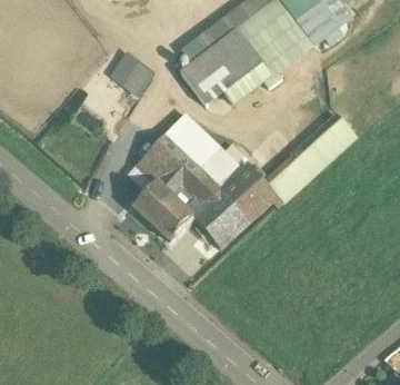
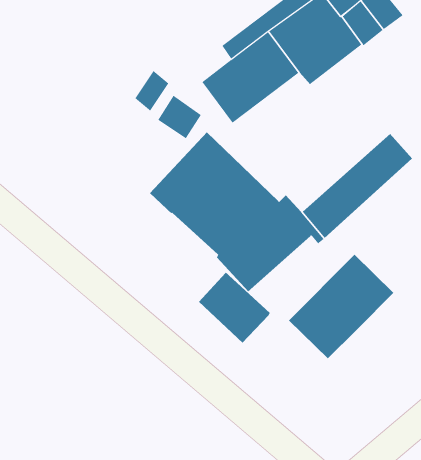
building: none -> [157,95,202,139]
building: [132,179,192,239] -> [198,271,271,343]
building: none -> [288,254,394,359]

